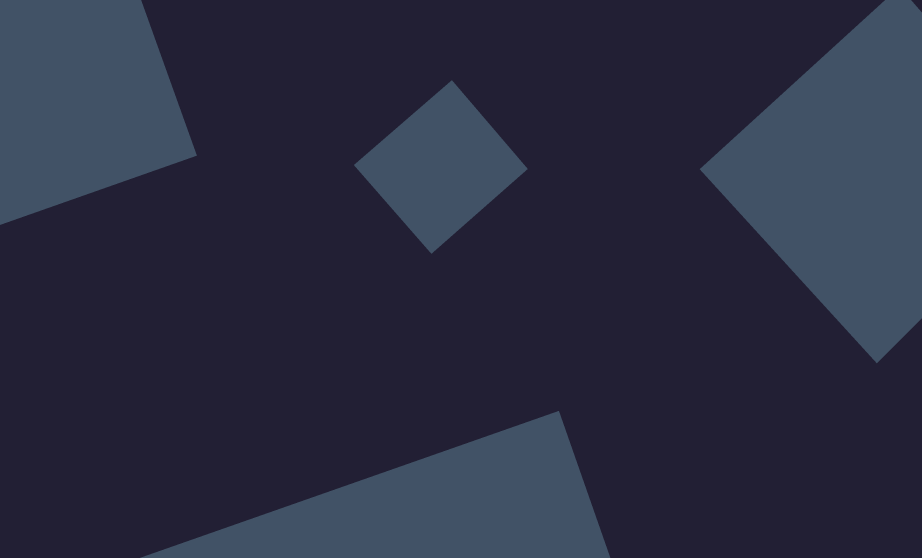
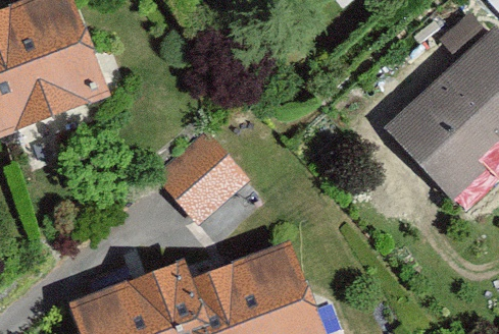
building: [353,79,529,255] -> [154,134,248,228]

